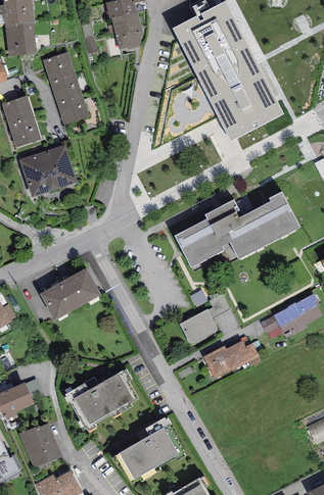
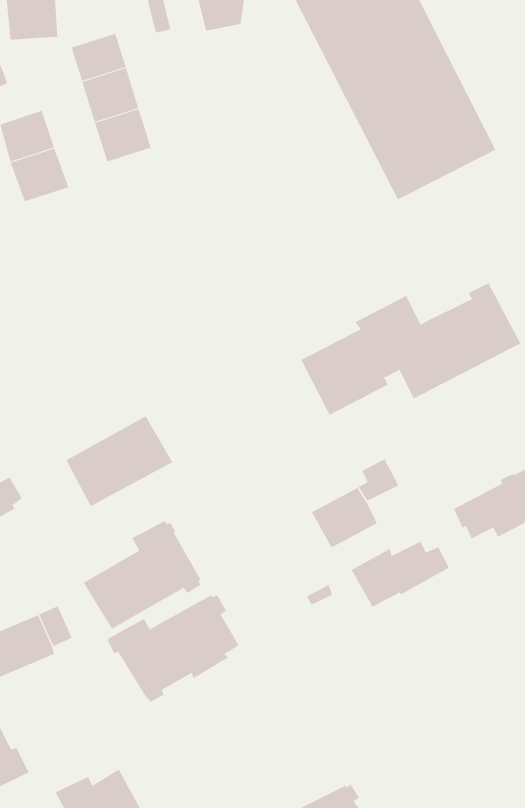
building: [18,143,78,196] -> none
building: [118,417,185,480] -> [83,520,201,630]
building: [19,423,62,466] -> none

